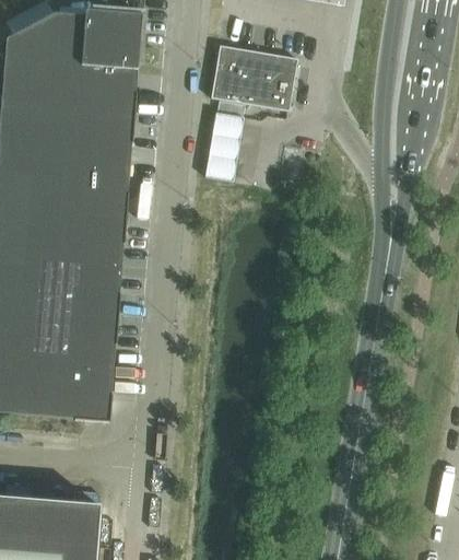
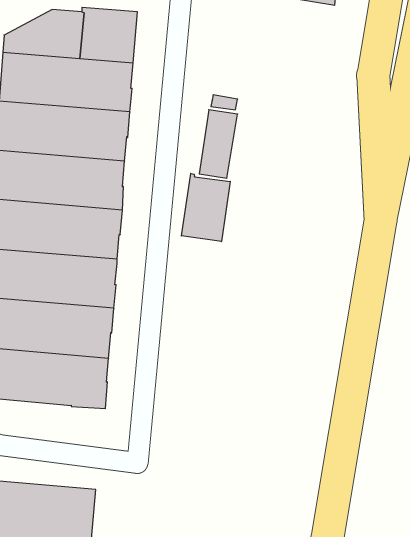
building: [210,43,296,108] -> none
building: none -> [181,173,230,242]

